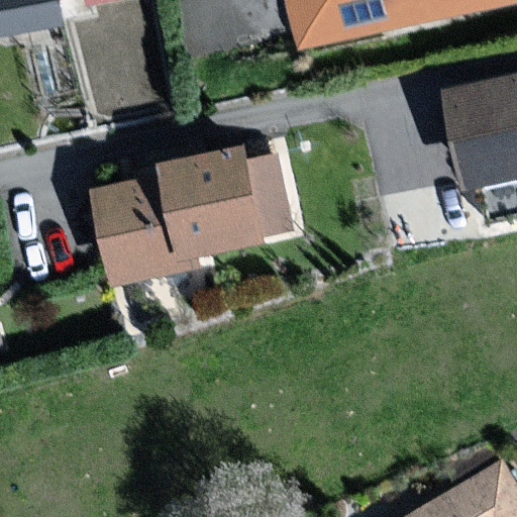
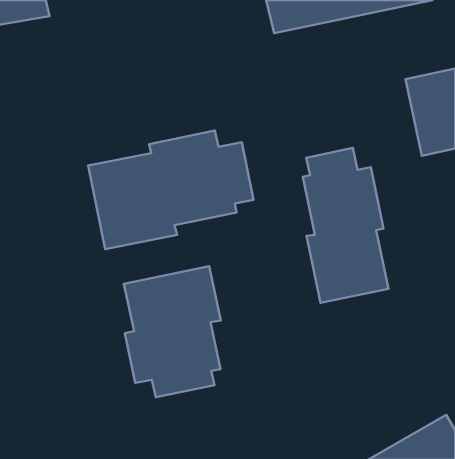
building: none -> [303,148,389,303]
building: none -> [124,266,221,397]

